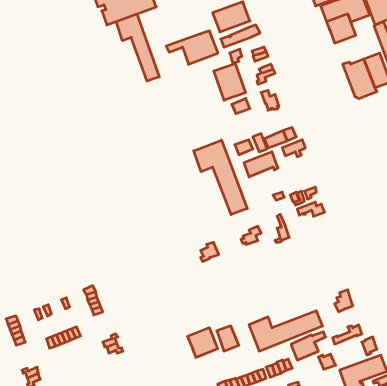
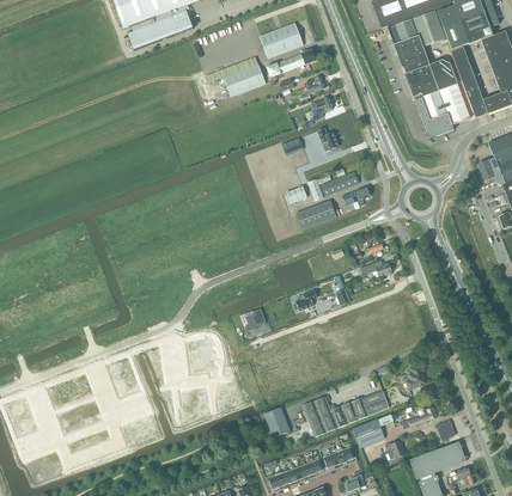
building: [116,14,159,81] -> none
building: none -> [404,59,458,96]
building: [214,63,245,100] -> none
building: [194,140,247,215] -> none
building: [188,328,218,357] -> none

